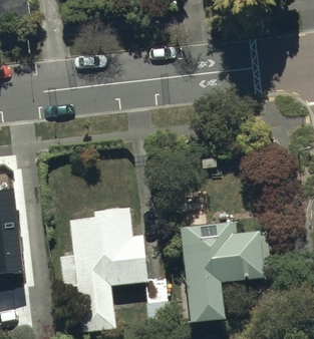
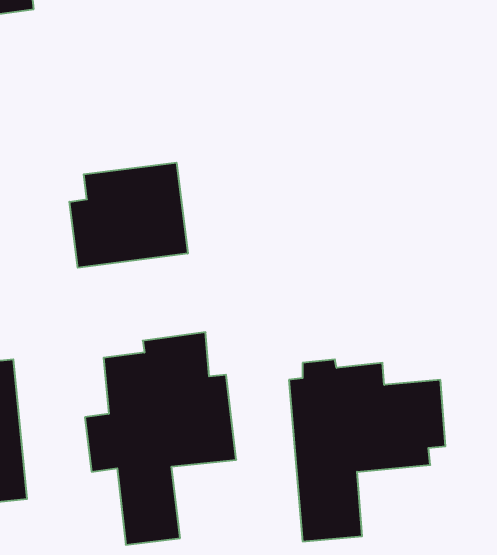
building: none -> [69,163,188,268]

